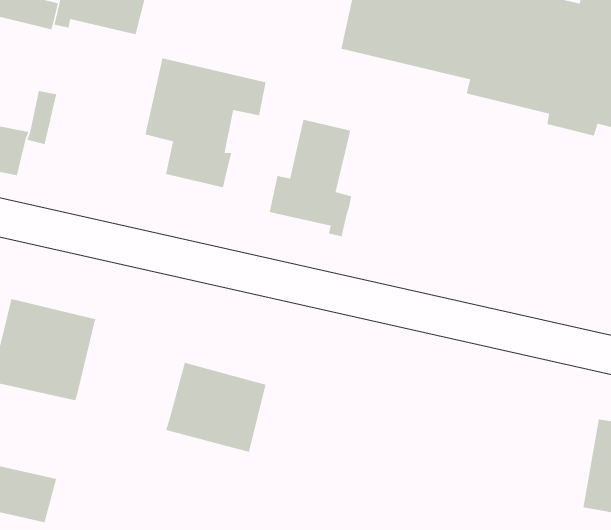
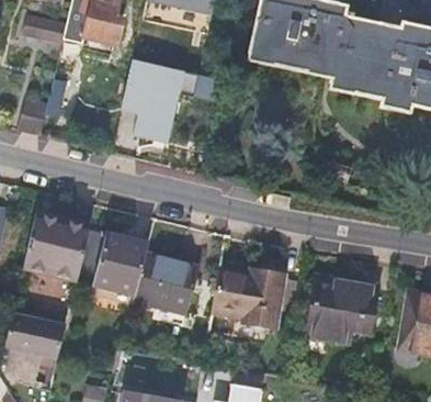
building: [269,119,352,237] -> none
building: none -> [79,231,149,291]
building: none -> [208,268,284,337]
building: none -> [307,277,375,342]

